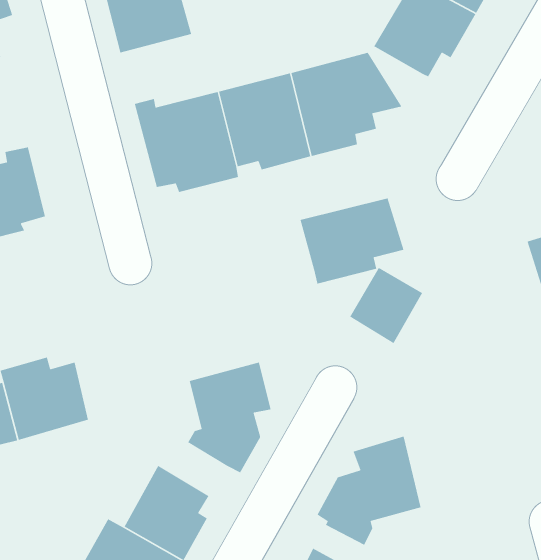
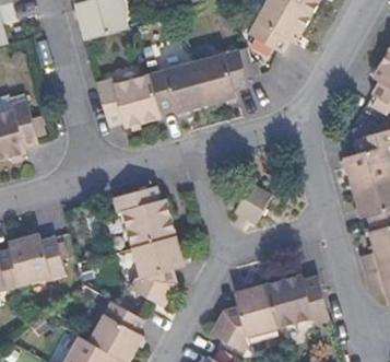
building: [299,197,405,284] -> none
building: none -> [109,186,173,247]
building: none -> [264,272,330,328]

